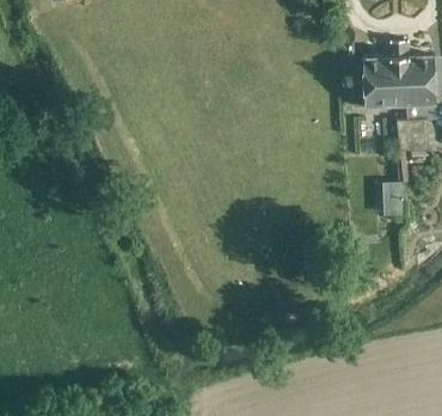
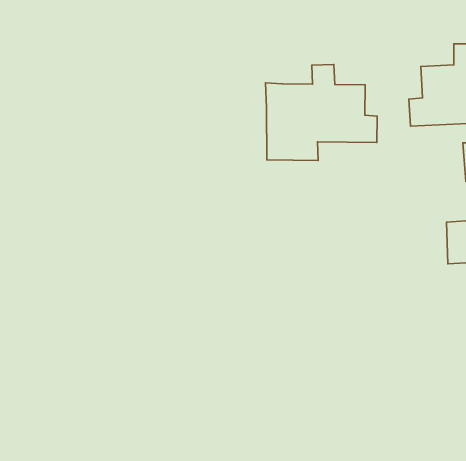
building: none -> [265,64,377,161]

